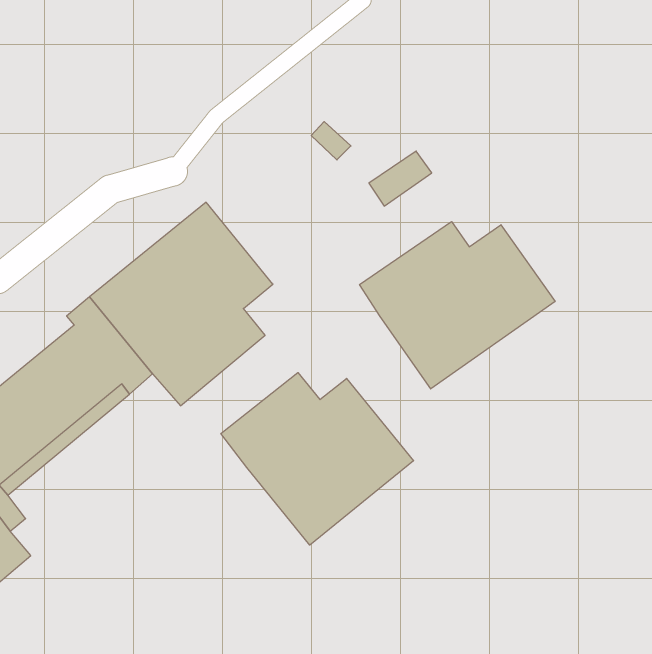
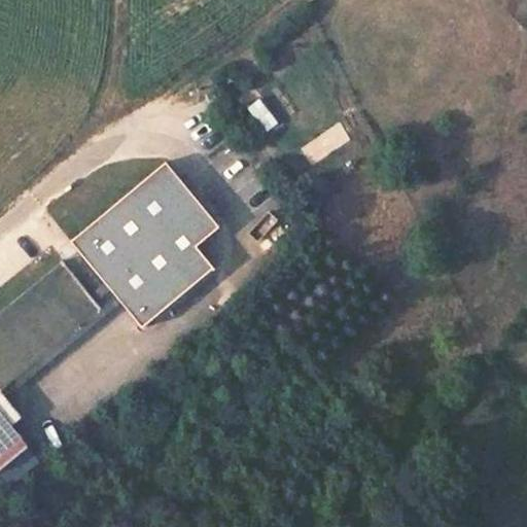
building: [360,222,555,389] -> none
building: [221,373,414,545] -> none

